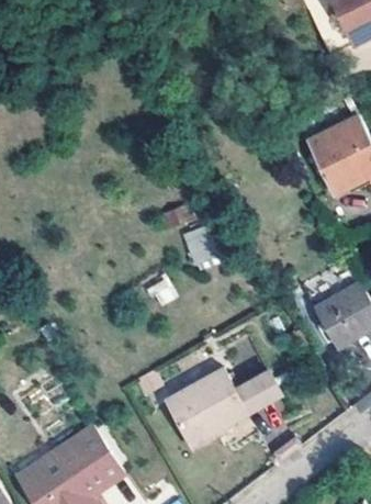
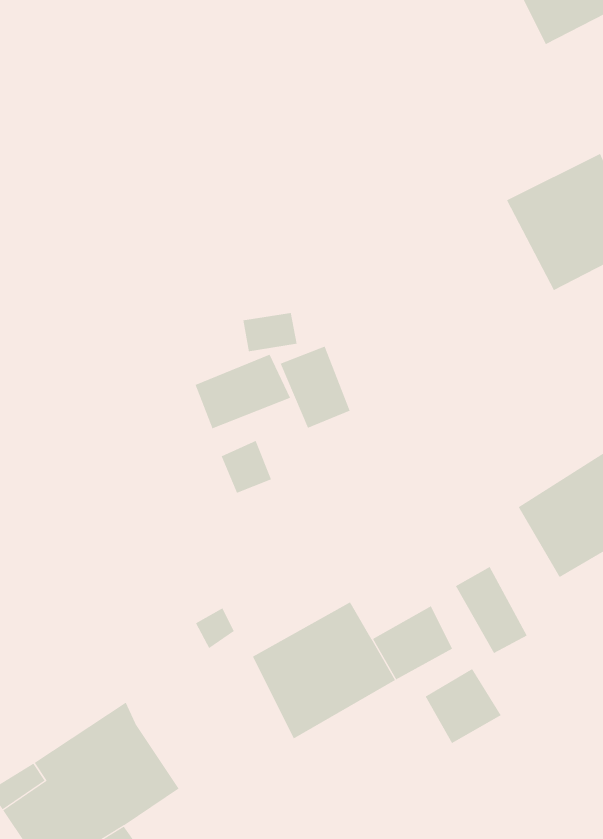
building: none -> [195,354,291,429]
building: none -> [455,566,528,654]
building: none -> [425,668,501,744]

